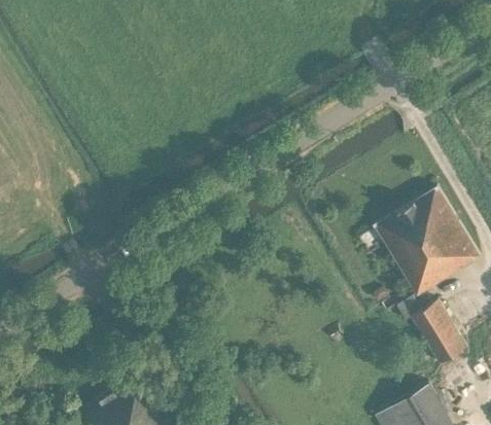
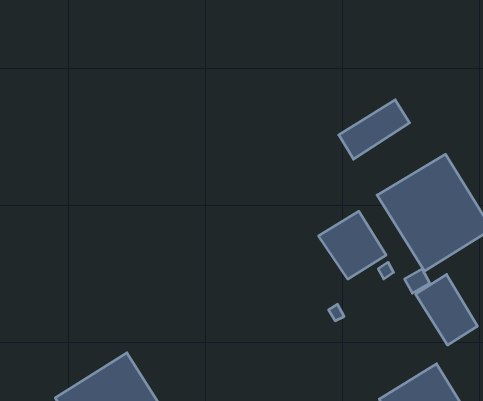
building: none -> [339,100,410,159]
building: none -> [319,211,386,279]

